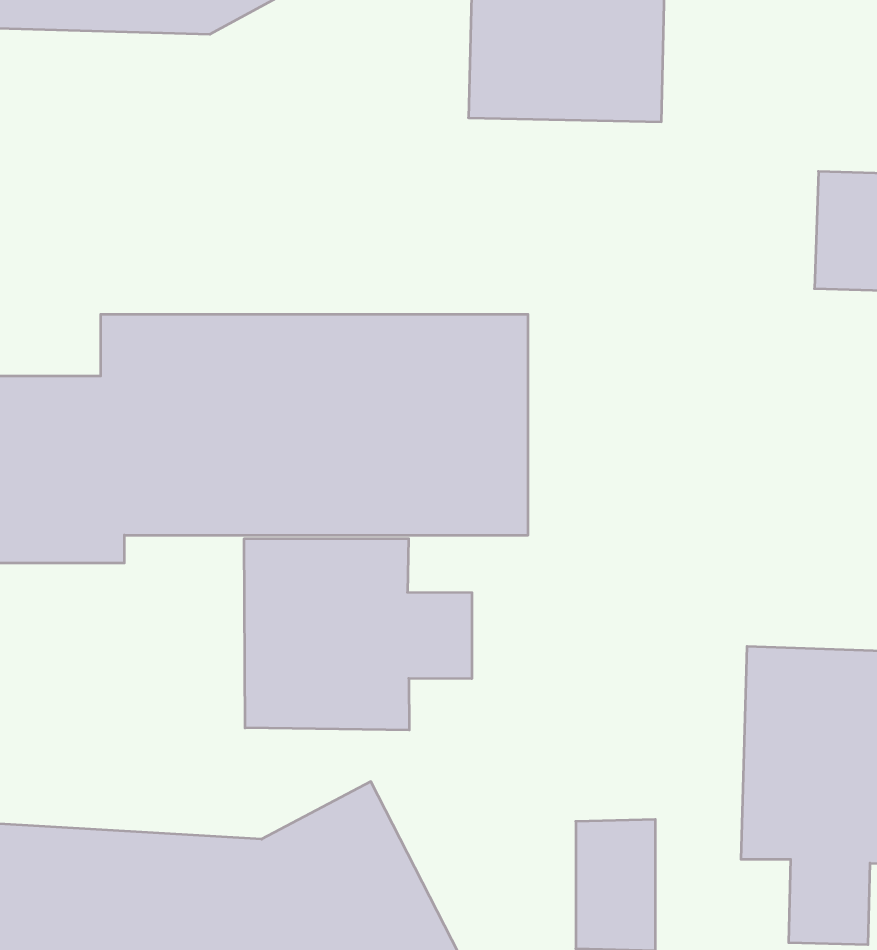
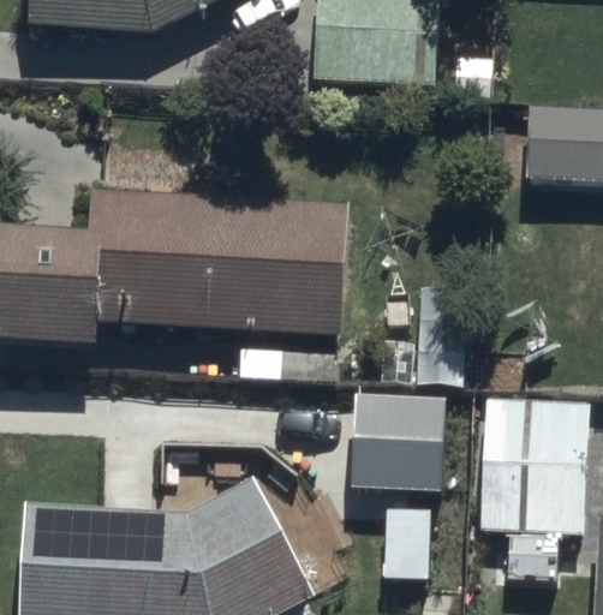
building: [244,539,472,730] -> none
building: none -> [353,398,447,489]

